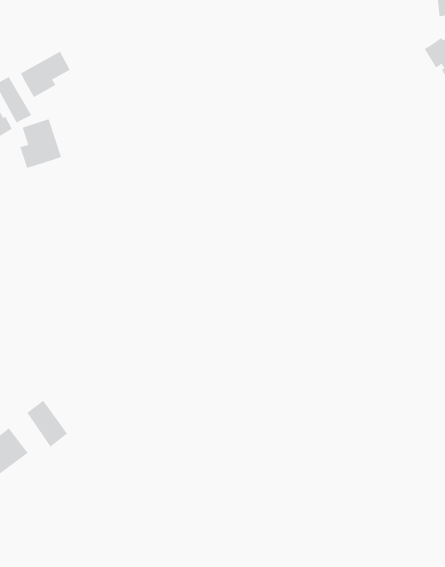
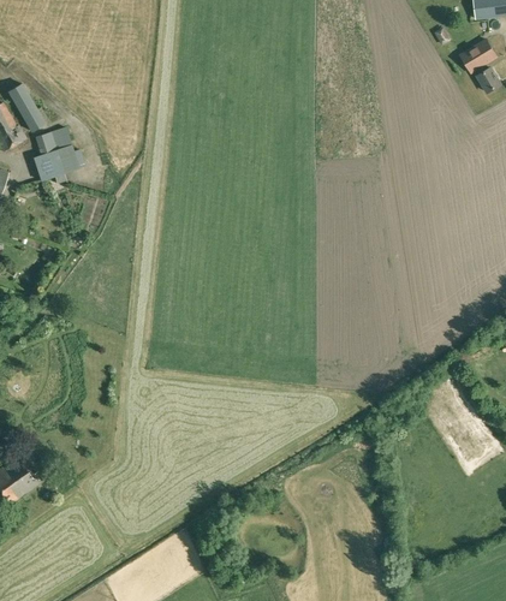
building: [20,51,70,98] -> none
building: [26,400,68,447] -> none

